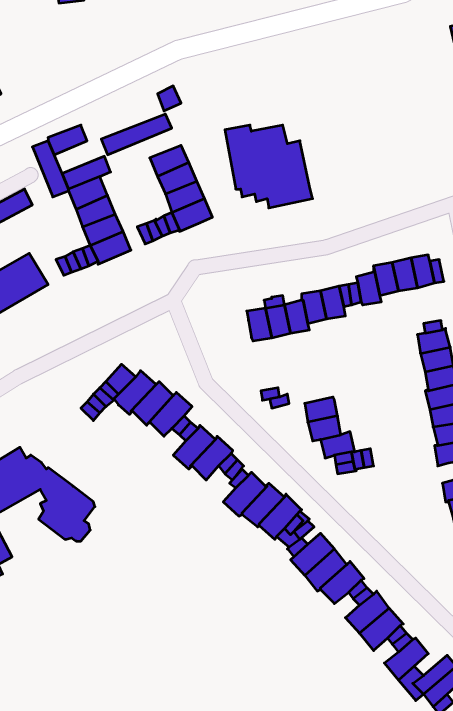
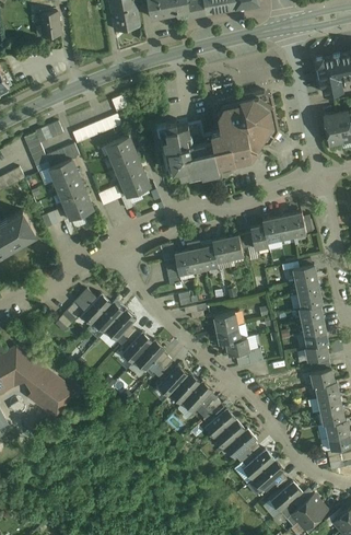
building: none -> [211,92,279,165]

